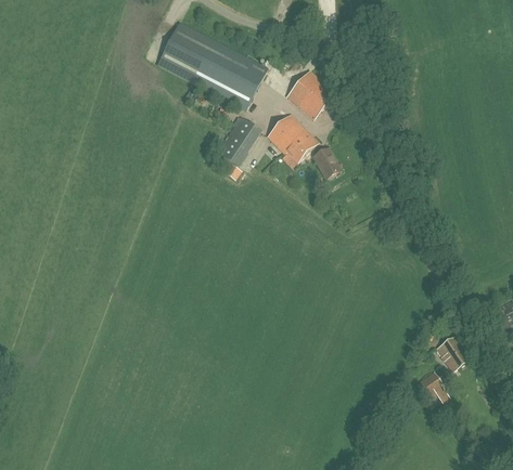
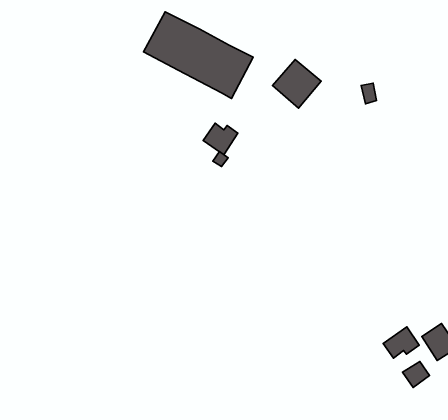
building: [267,114,341,179] -> none
building: [229,117,261,144] -> none
building: none -> [383,327,419,358]

